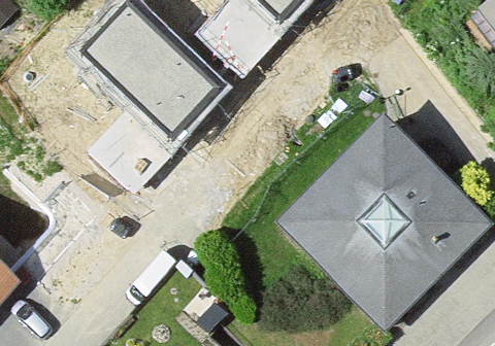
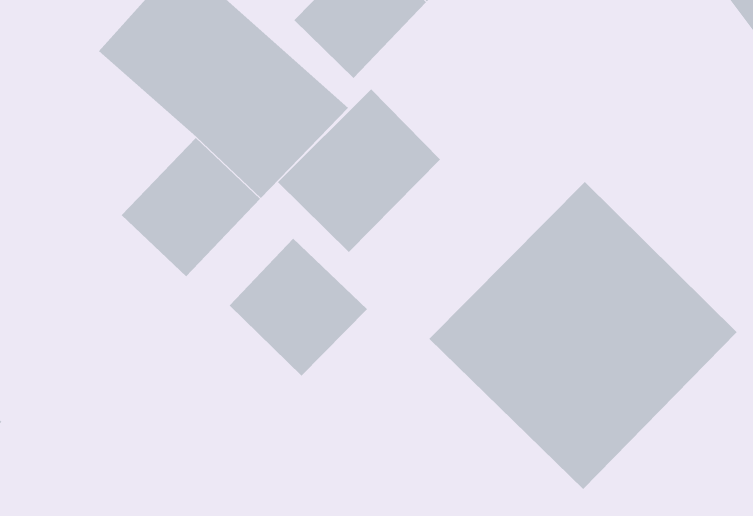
building: none -> [277,89,441,253]
building: none -> [229,238,368,377]

